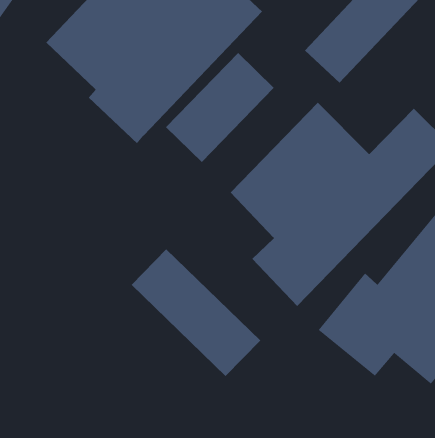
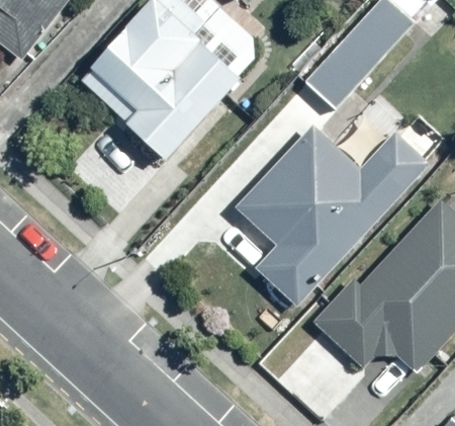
building: [165,52,275,163] -> none
building: [131,249,261,377] -> none

